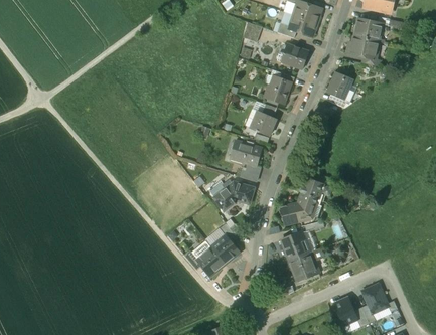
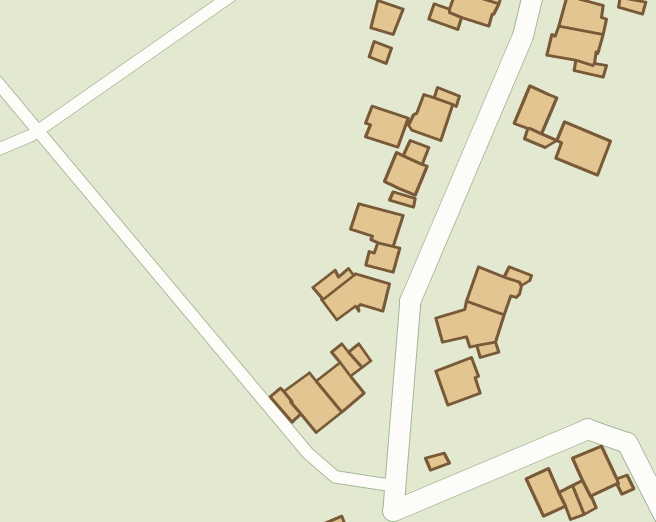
building: [283,44,308,68] -> [365,106,408,147]
building: none -> [556,122,611,175]
building: [288,252,318,280] -> none

